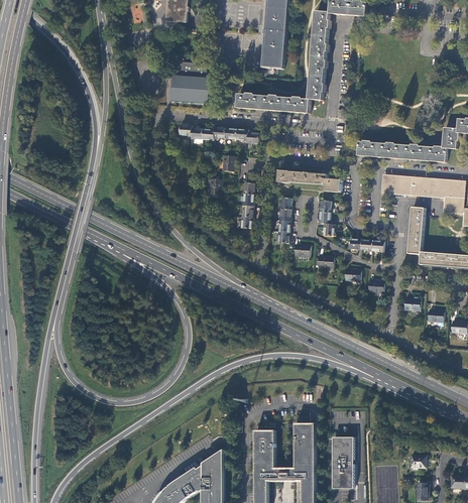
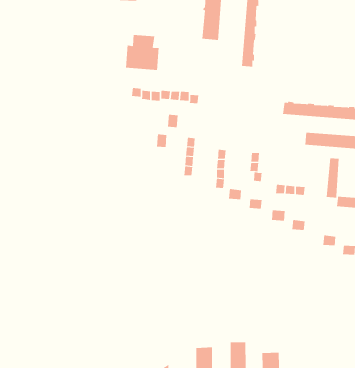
building: [236,93,309,113] -> none
building: [276,170,341,193] -> none

